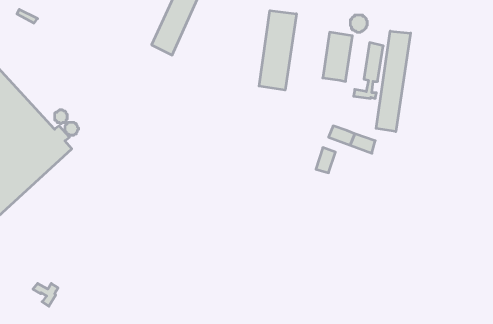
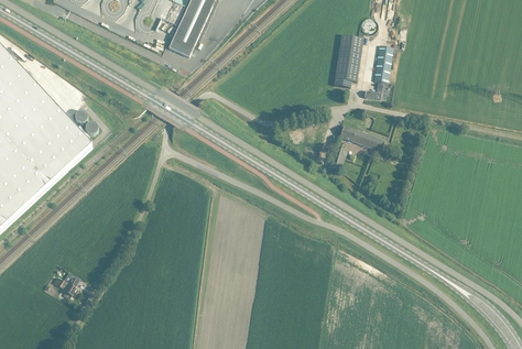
building: [259,11,296,90] -> none
building: [376,31,411,132] -> none

